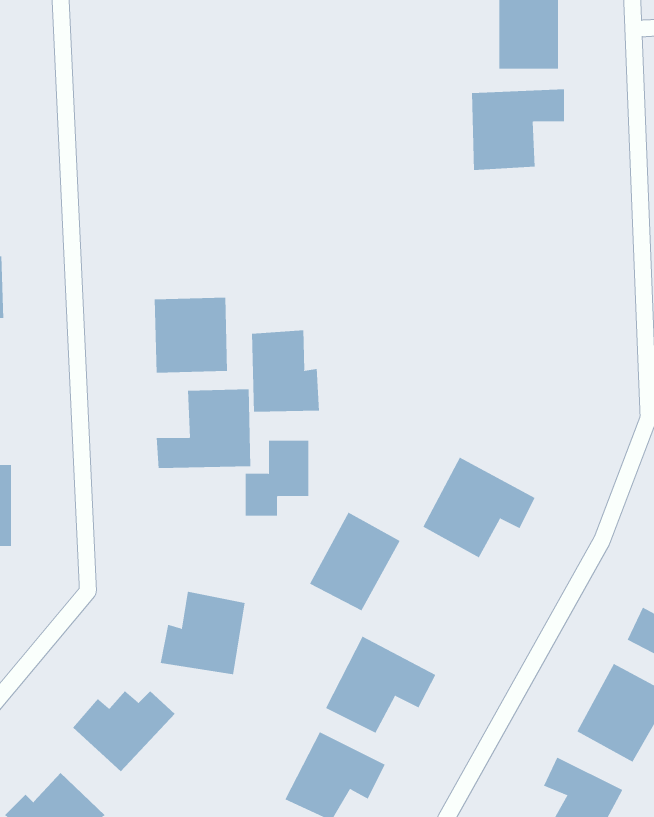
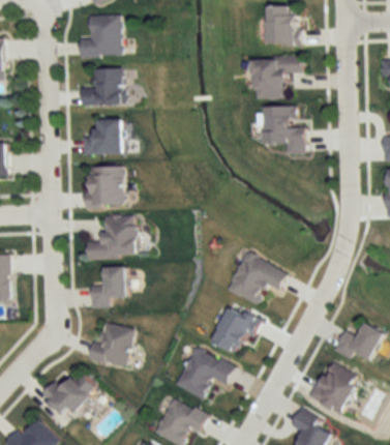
building: none -> [79,13,120,56]
building: none -> [81,68,121,105]
building: none -> [263,107,304,153]
building: none -> [82,118,121,153]
building: [251,329,319,413] -> none
building: [245,440,309,516] -> [90,267,124,307]
building: [309,512,401,611] -> [210,302,259,355]

